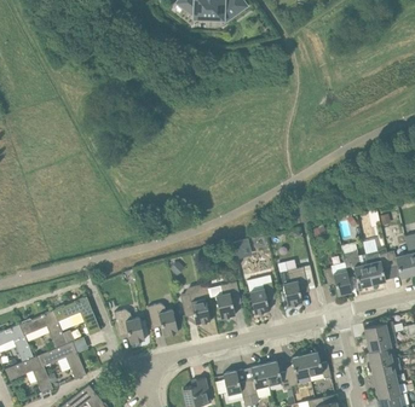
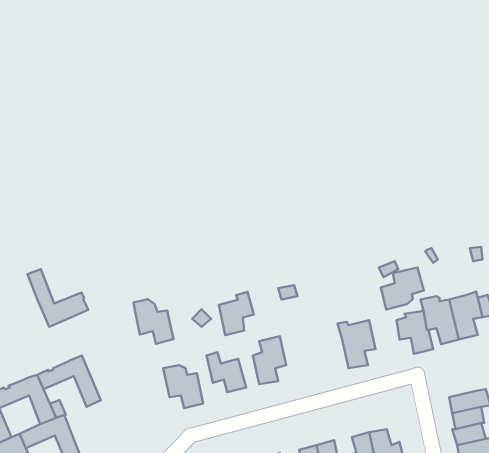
building: none -> [381,267,424,310]
building: none -> [28,269,88,327]
building: [249,281,276,314] -> [219,292,254,335]
building: [114,309,144,343] -> [134,299,174,344]

